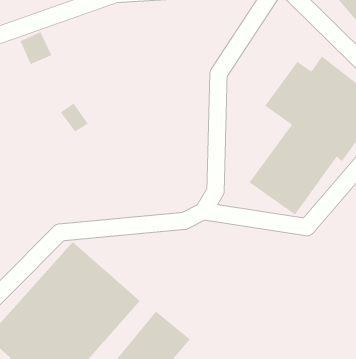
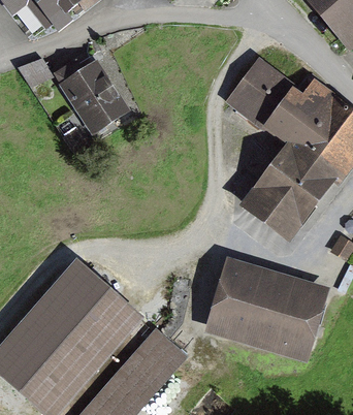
building: none -> [54,55,127,136]
building: none -> [224,60,291,129]
building: none -> [204,255,332,360]

